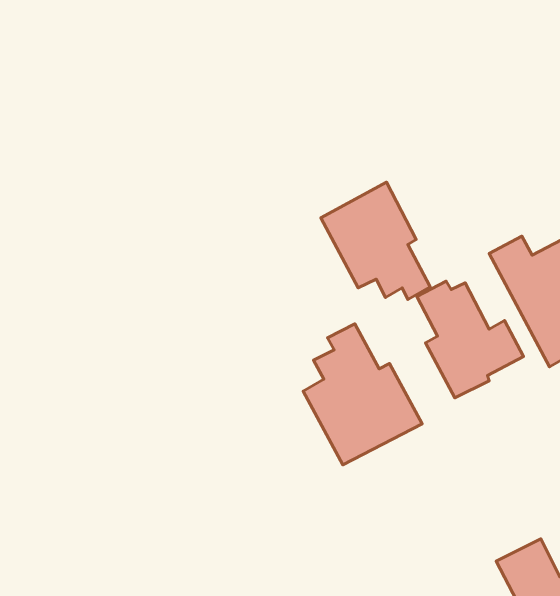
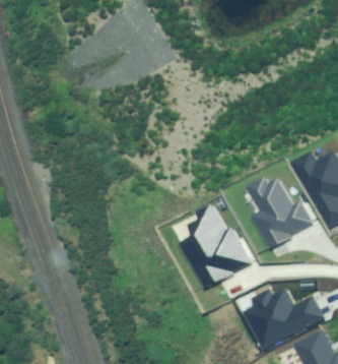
building: [321,182,430,300] -> none
building: none -> [248,289,326,348]

